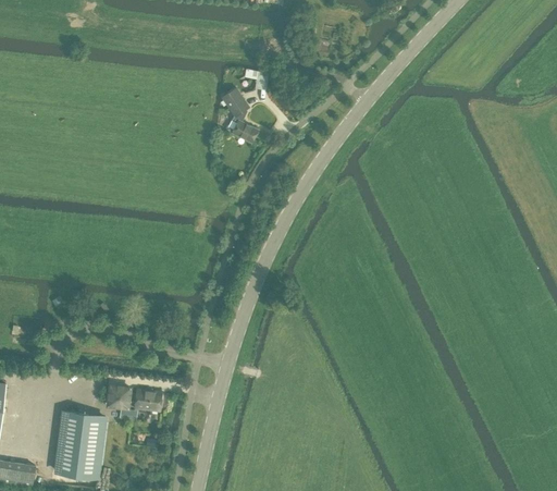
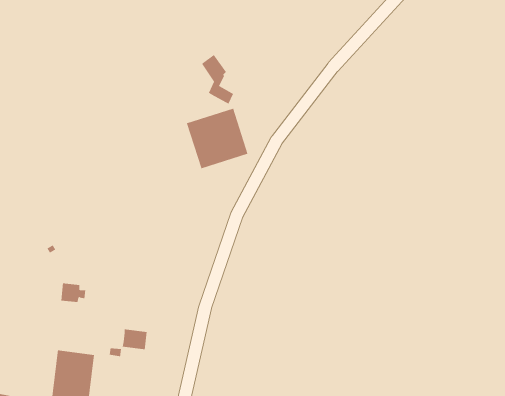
building: none -> [186,108,248,169]
building: [108,385,136,407] -> [60,283,86,303]

